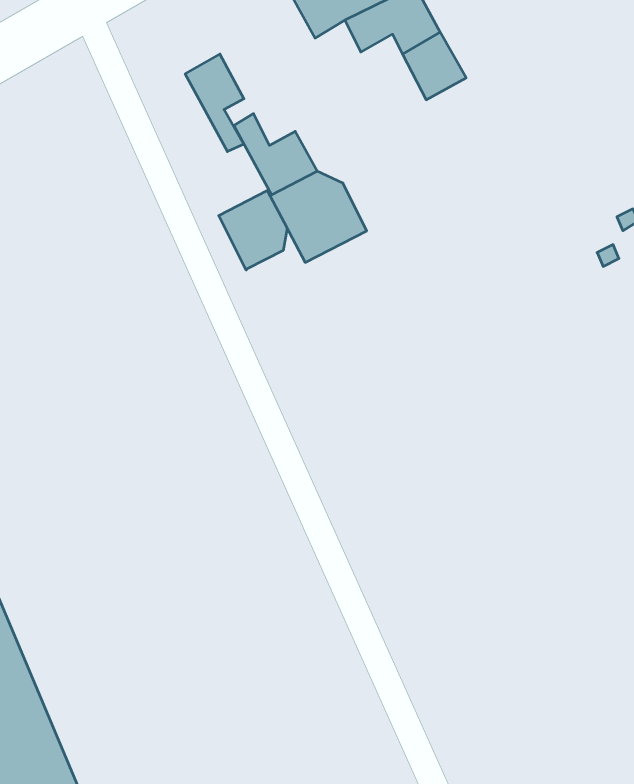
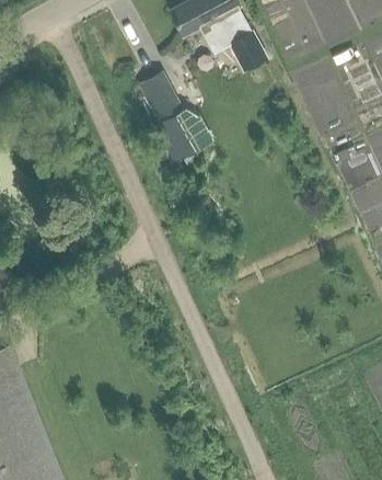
building: [185,54,244,152] -> none
building: [219,191,287,270] -> none

